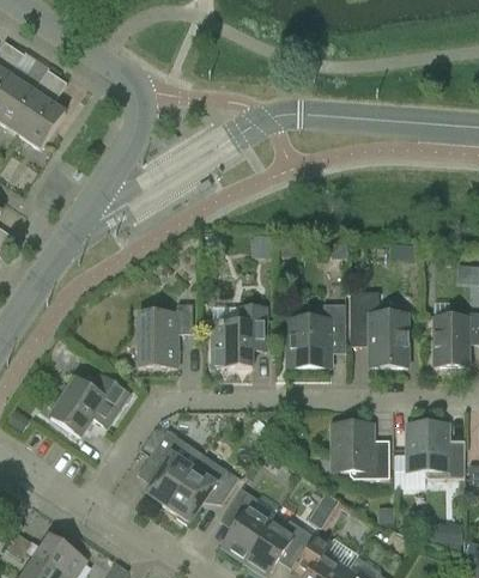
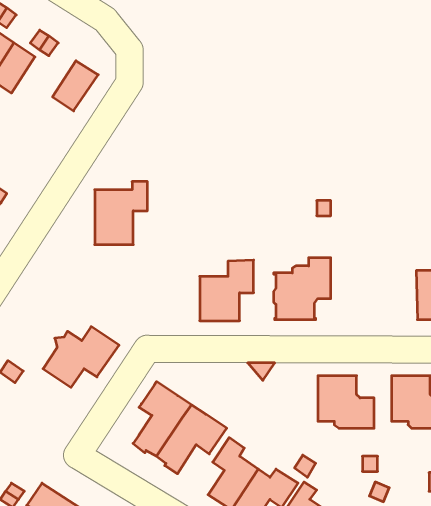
building: [18,96,65,147] -> [53,61,98,111]
building: [350,291,407,365] -> none
building: [138,302,192,366] -> [95,182,147,245]

